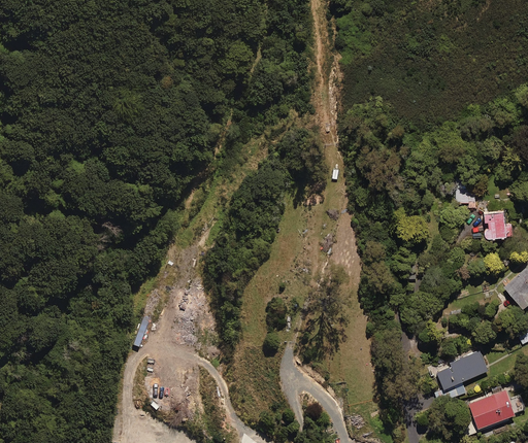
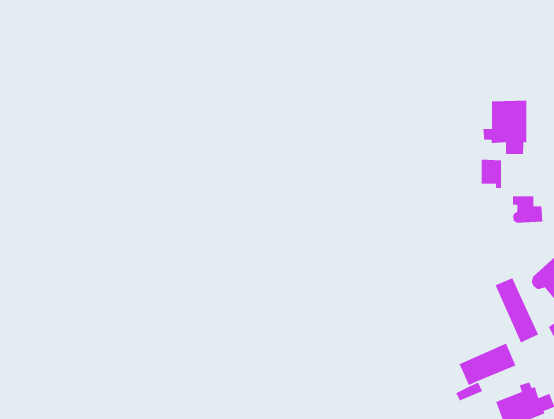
building: none -> [482,100,527,155]
building: none -> [494,277,539,344]

